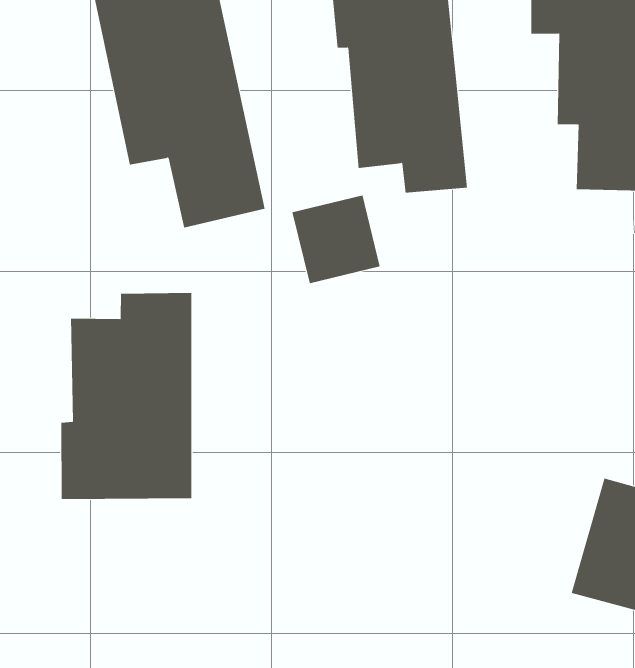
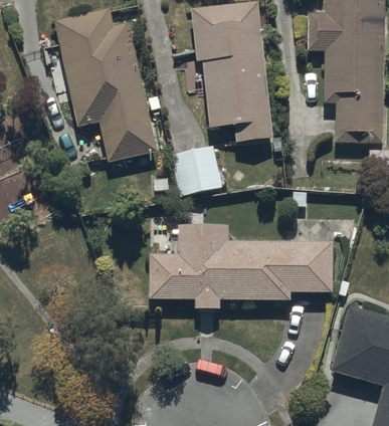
building: [61,292,192,500] -> none
building: none -> [148,226,332,310]

